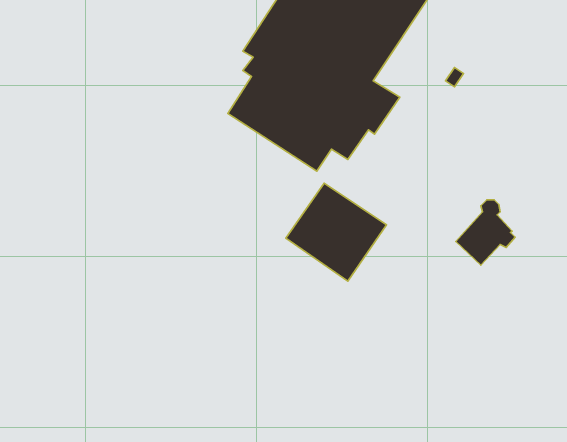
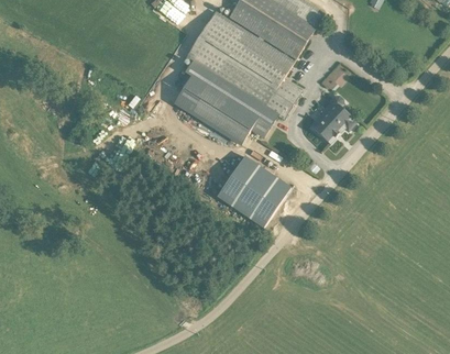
building: [456,200,515,265] -> [310,96,354,144]

